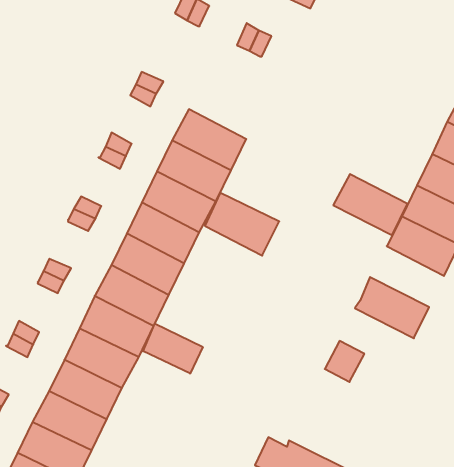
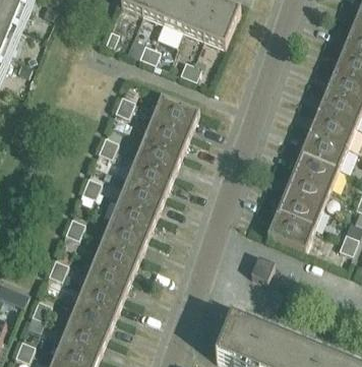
building: [333,174,407,235] -> [275,192,321,229]
building: [205,193,279,256] -> [153,94,199,131]
building: [143,324,203,374] -> none

